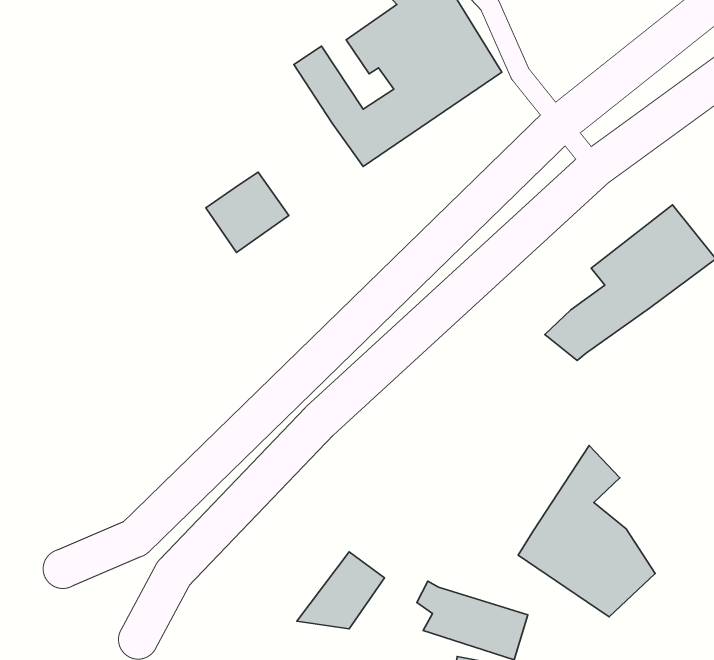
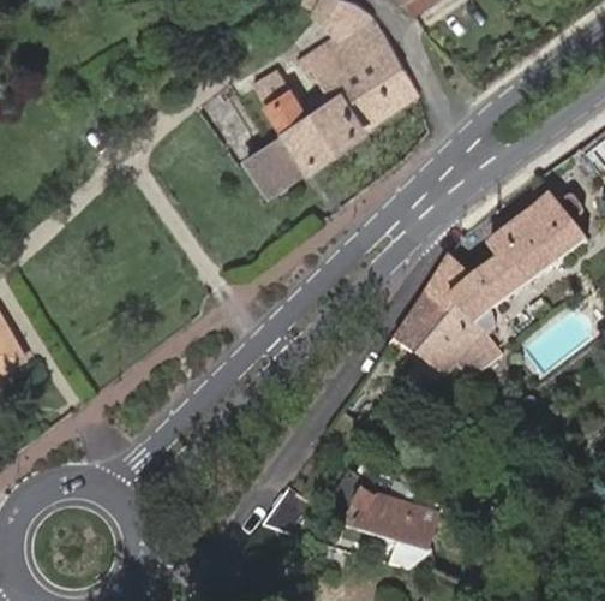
building: [206,172,289,252] -> [245,131,310,194]
building: [518,446,655,617] -> [393,251,499,385]

